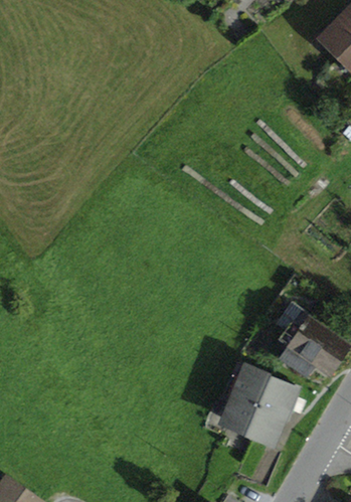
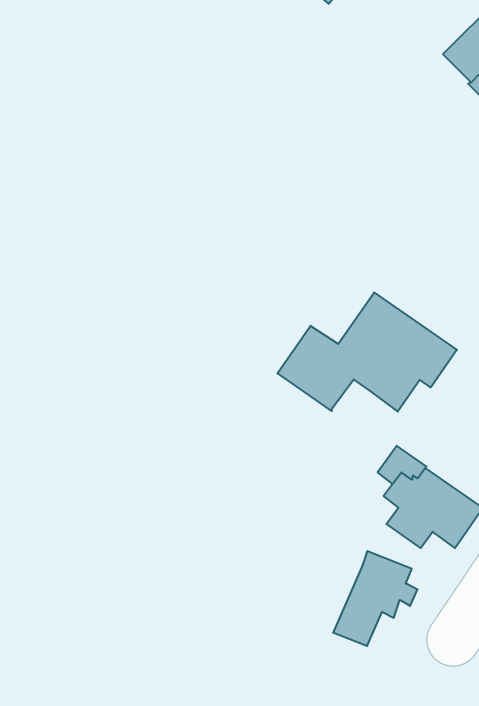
building: none -> [277,292,457,412]
building: [222,361,269,432] -> none

